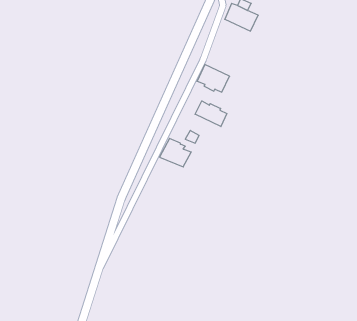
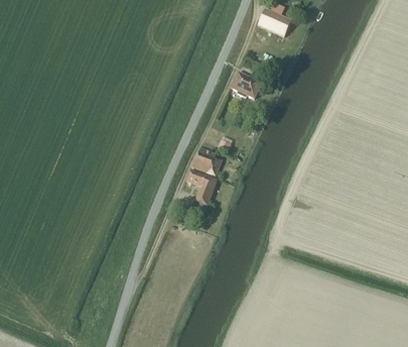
building: [195,101,227,127] -> none
building: none -> [185,169,218,205]

